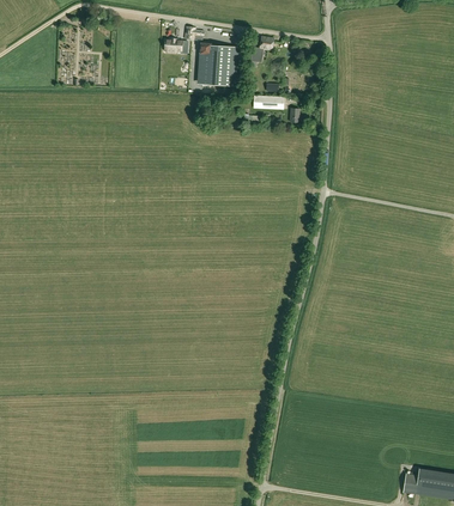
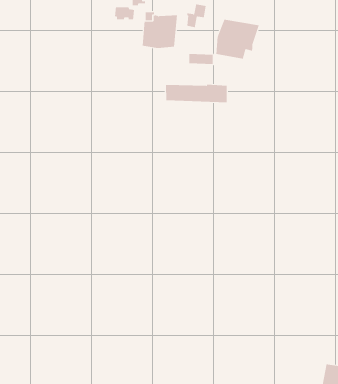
building: none -> [216,19,259,59]
building: none -> [165,84,227,103]

